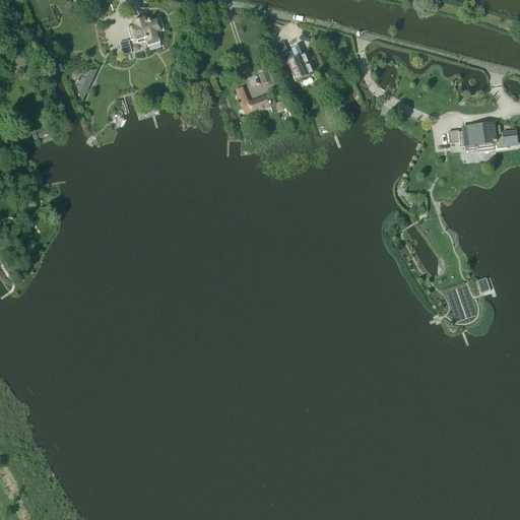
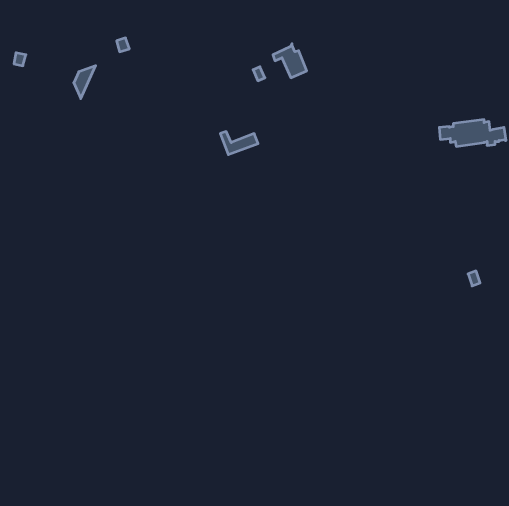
building: [127,16,165,44] -> none
building: [237,90,275,114] -> [220,132,258,155]

